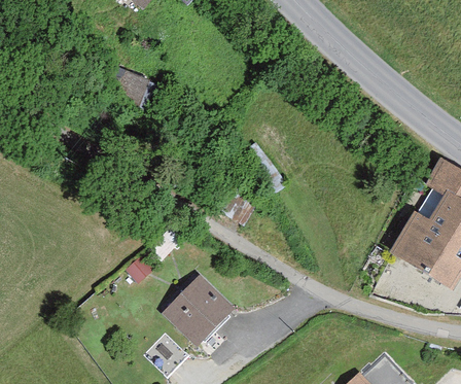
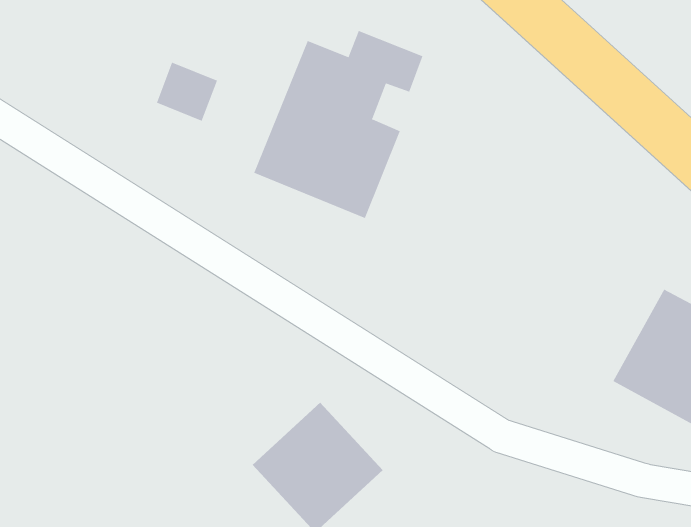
building: none -> [253,30,423,219]

